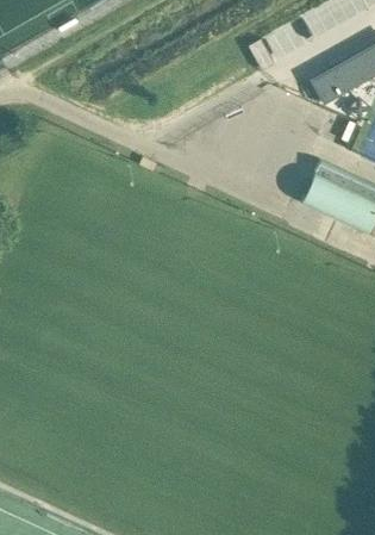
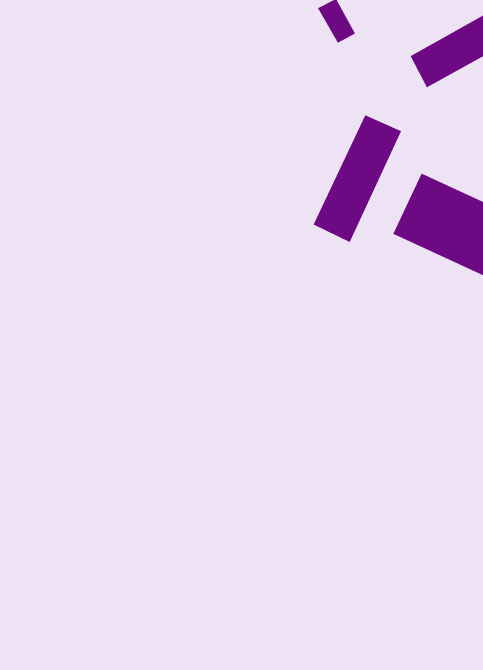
building: none -> [312,114,402,243]

